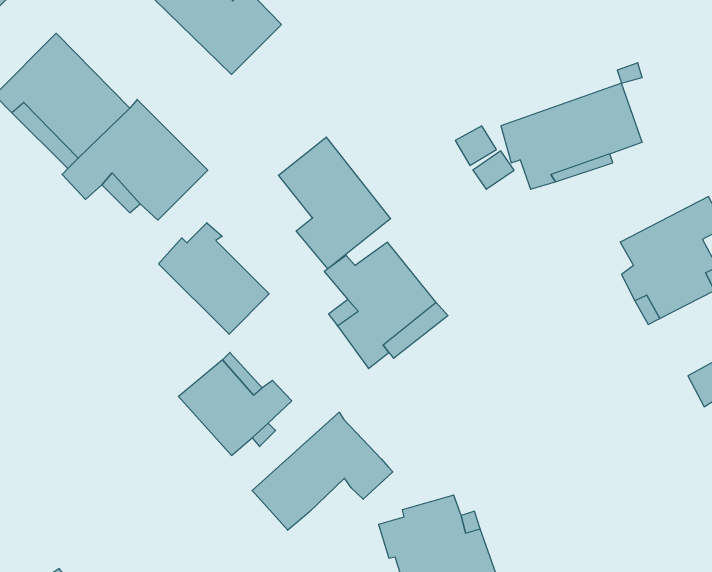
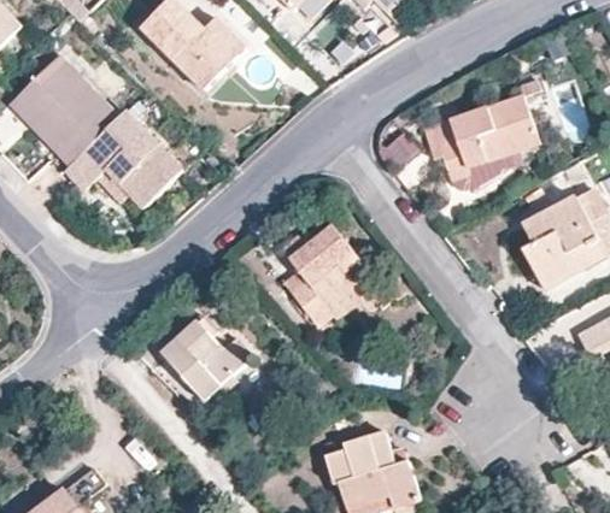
building: [278,137,391,269] -> none
building: [159,223,269,334] -> none
building: [252,412,393,530] -> none

